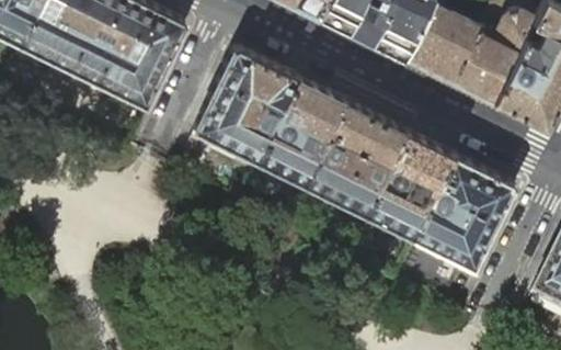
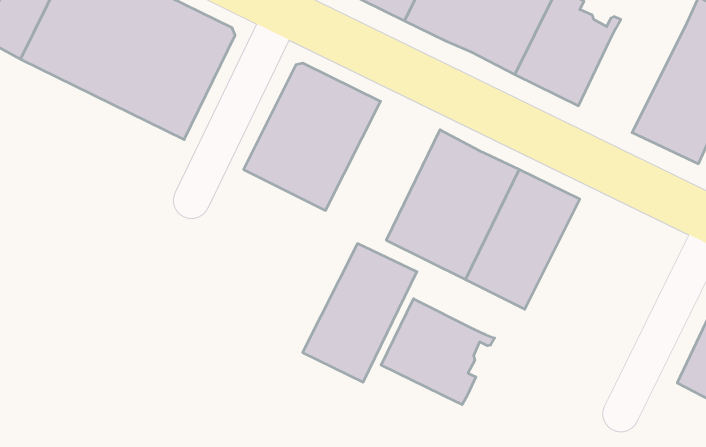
building: [451,11,536,104] -> none
building: [255,80,344,188] -> [303,244,417,382]
building: [410,156,514,272] -> none
building: none -> [381,299,495,405]

